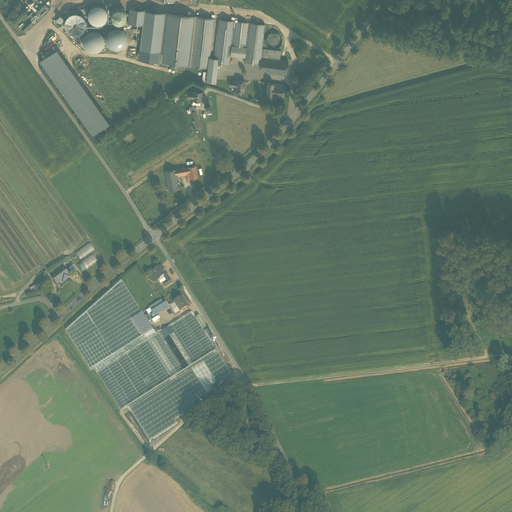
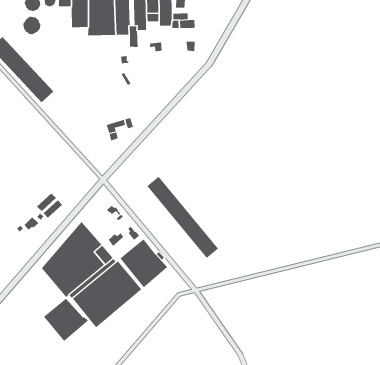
building: [63,13,85,34] -> none
building: [104,28,126,50] -> none
building: none -> [146,176,219,259]
building: none -> [43,298,89,342]

